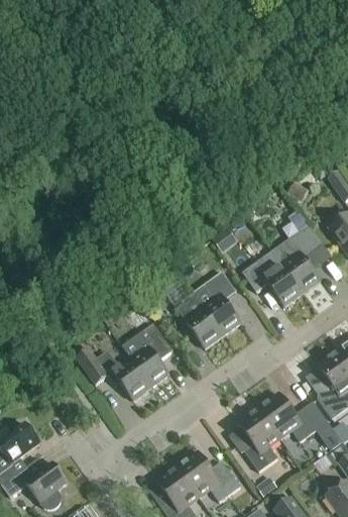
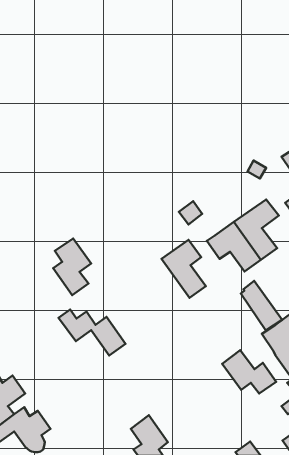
building: [177,291,223,346] -> [241,281,282,331]
building: [130,322,172,386] -> [53,238,91,295]
building: [228,408,280,471] -> none
building: [178,451,240,501] -> none

